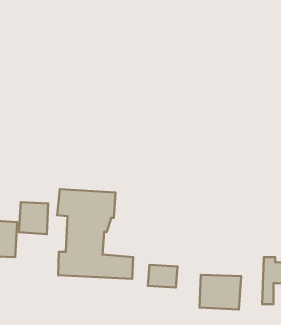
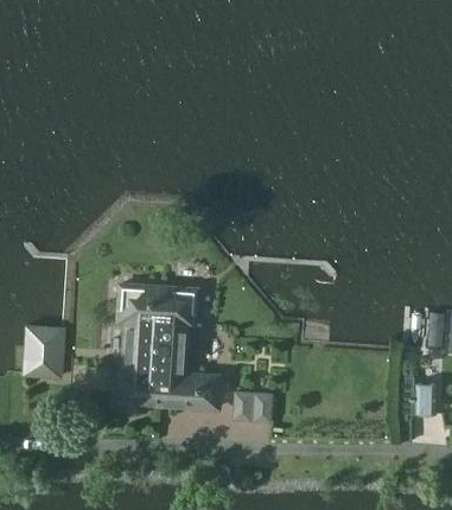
building: [19,202,48,234] -> none
building: [200,275,241,310] -> none

